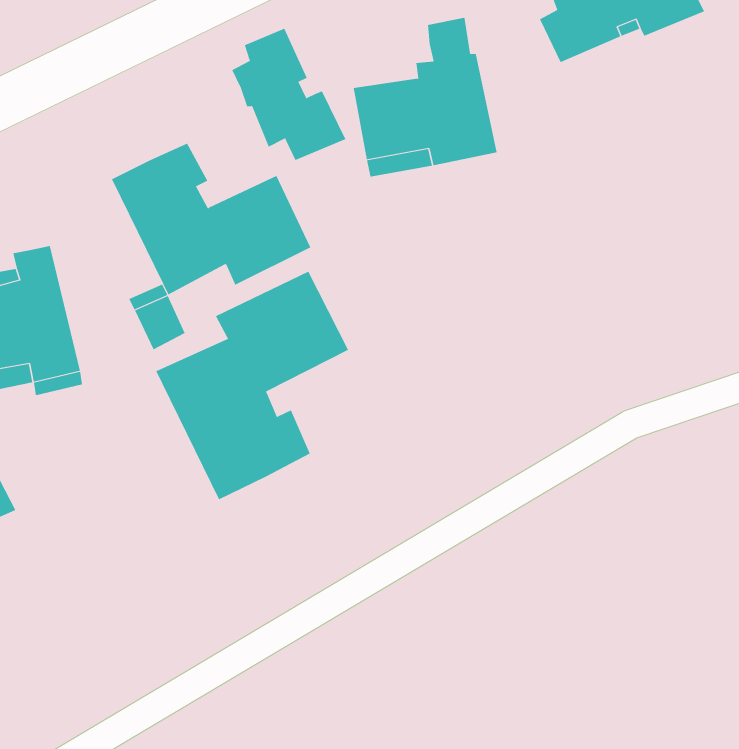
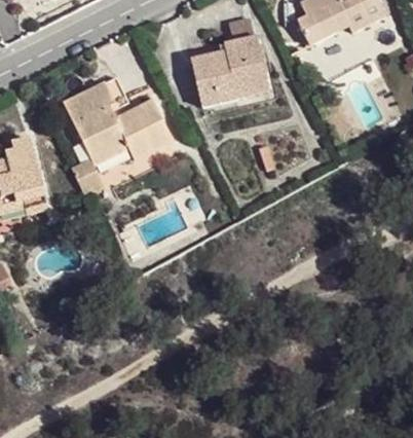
building: [232,28,346,161] -> none
building: [156,271,349,500] -> none

